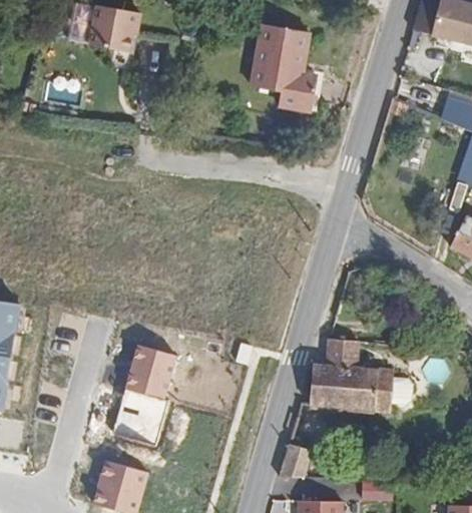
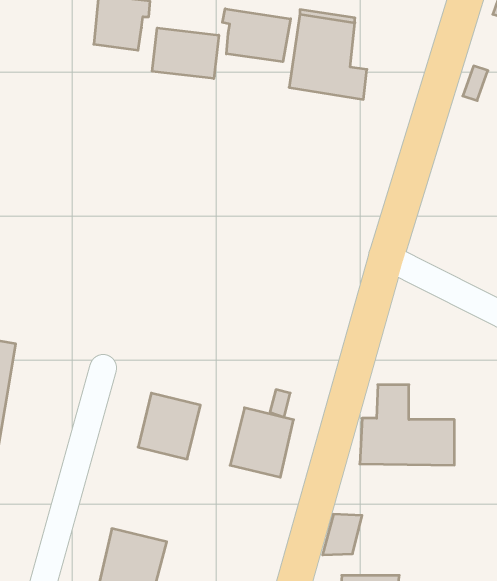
building: none -> [222,9,291,62]
building: none -> [152,28,219,79]
building: [113,391,166,449] -> [230,408,294,477]

